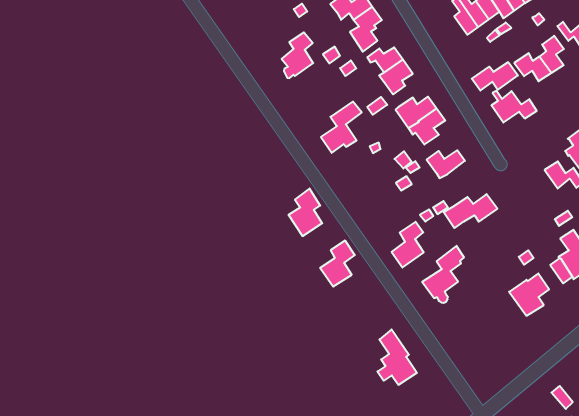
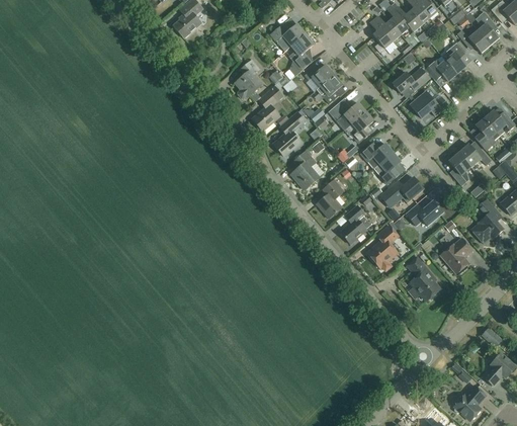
building: none -> [252,86,282,131]
building: none -> [373,152,402,183]
building: none -> [448,153,470,186]
building: [288,188,322,236] -> [290,150,319,189]
building: none -> [406,201,442,226]
building: [320,241,355,287] -> [316,179,343,218]
building: [377,329,417,385] -> [407,256,440,301]

